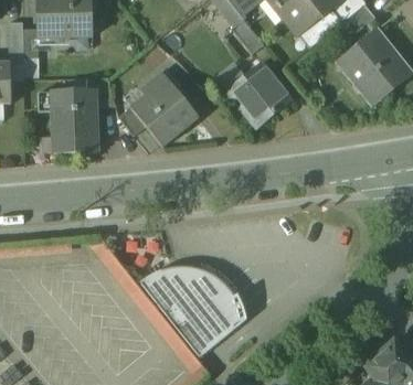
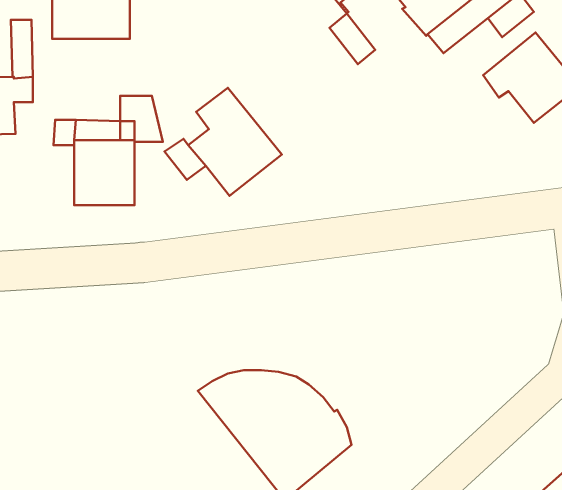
building: [224,63,292,130] -> none

